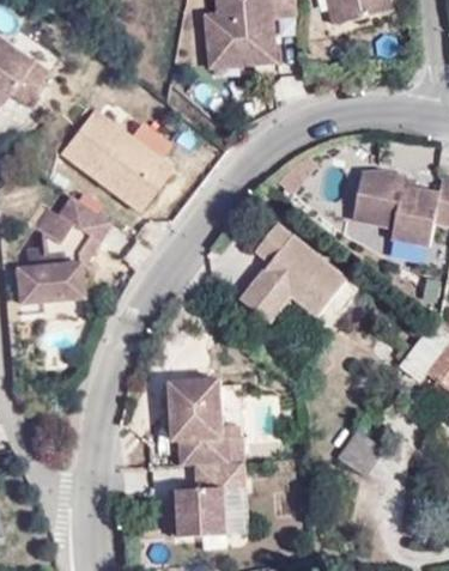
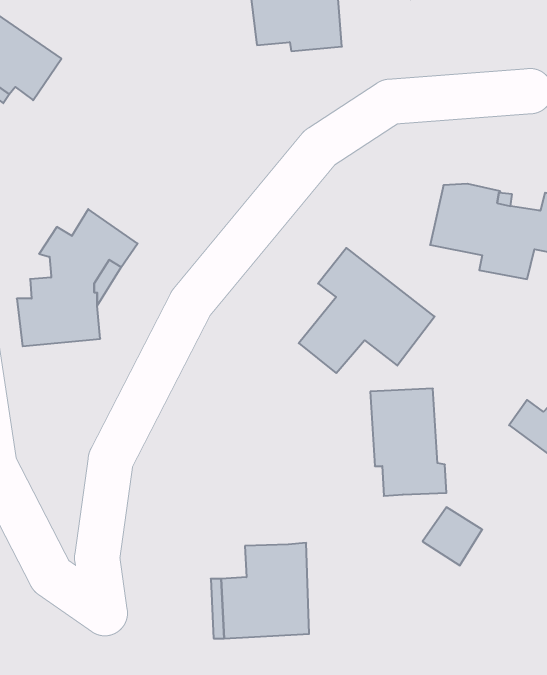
building: [55,111,168,217] -> none
building: [172,377,233,463] -> [370,389,446,496]

